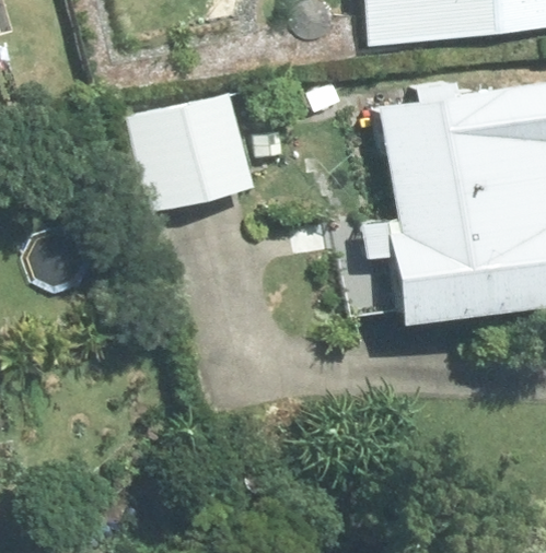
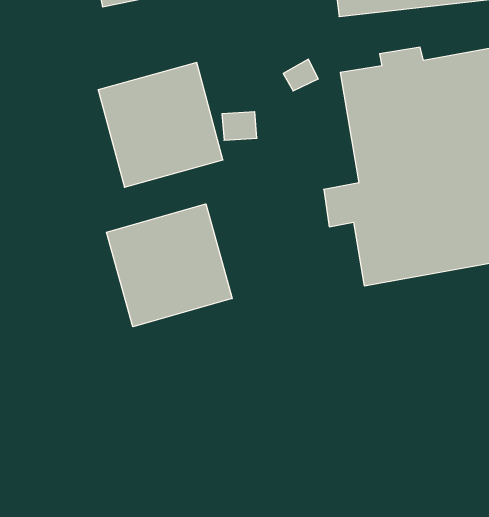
building: none -> [107,204,232,327]

